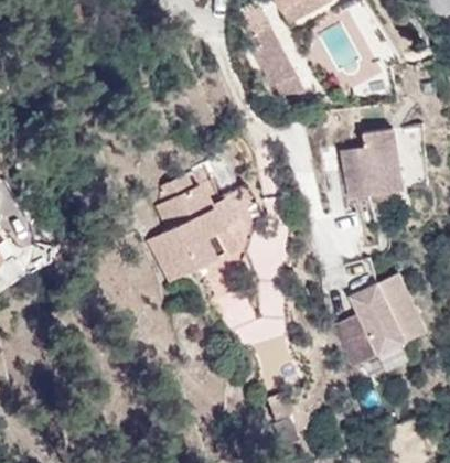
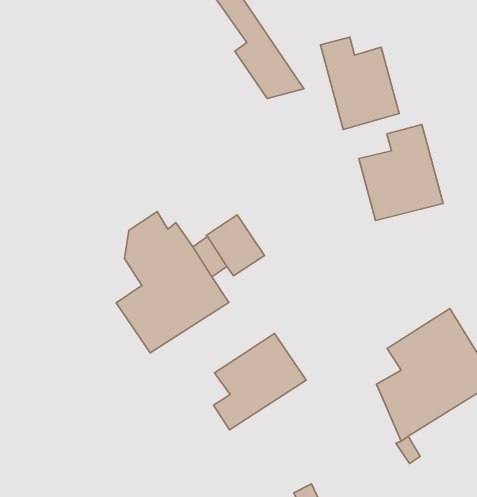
building: none -> [321,37,399,130]
building: none -> [214,334,306,430]

